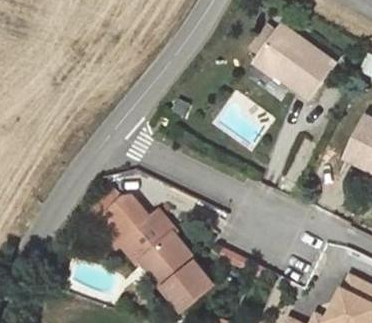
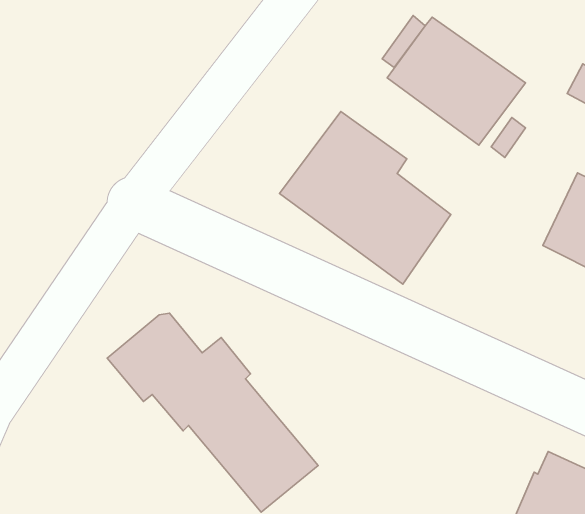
building: none -> [280,111,451,284]

